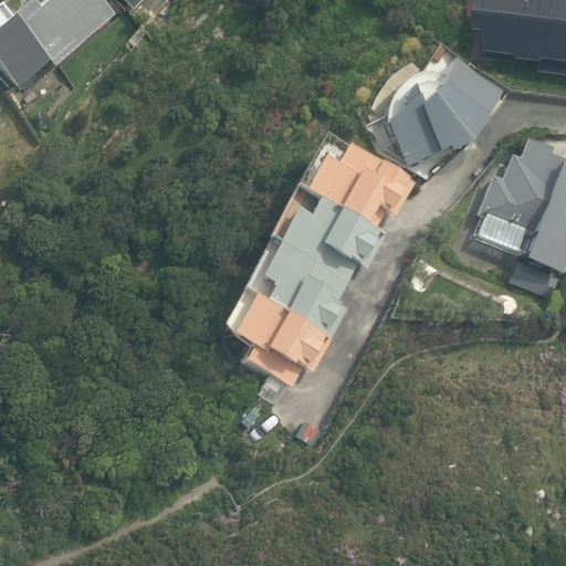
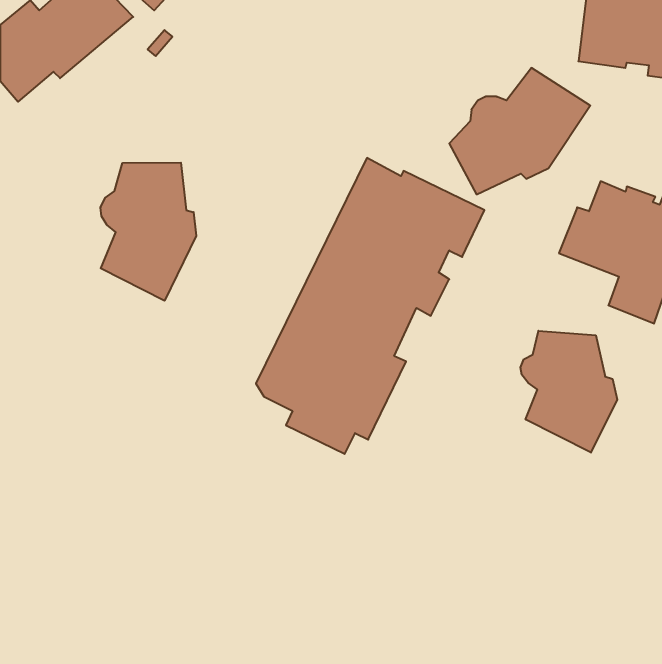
building: none -> [101,163,196,301]
building: none -> [520,331,617,453]

